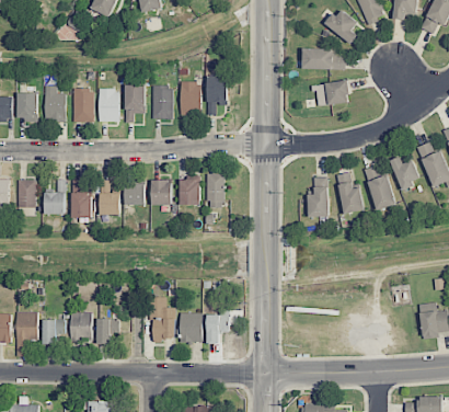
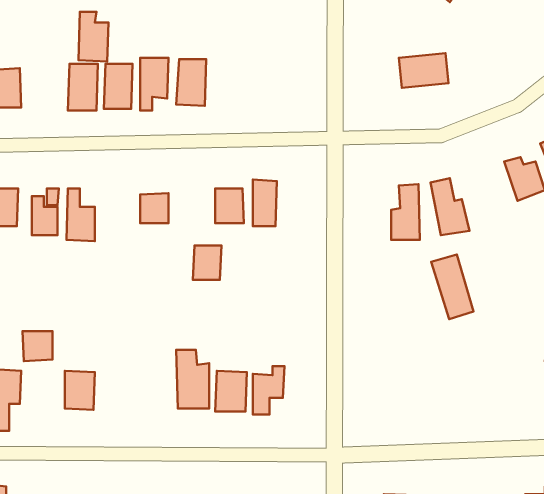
building: [302,48,345,70] -> none
building: [206,76,228,115] -> none
building: [180,81,200,114] -> none
building: [44,85,66,122] -> [78,12,109,62]
building: [364,163,394,210] -> [431,254,473,319]
building: [100,180,120,215] -> none
building: [151,180,172,205] -> [193,245,221,280]
building: [96,318,119,344] -> none
building: [43,320,65,342] -> [22,331,52,361]

